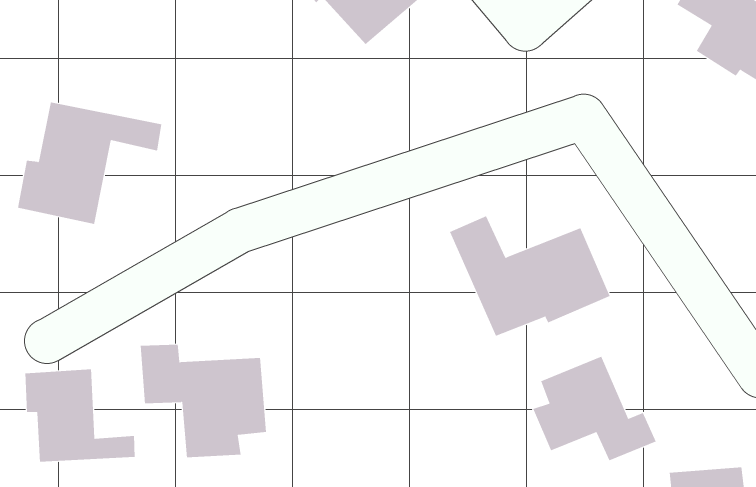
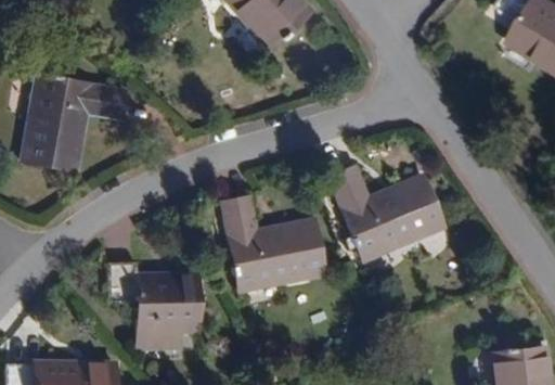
building: none -> [221,197,327,284]
building: [533,356,657,461] -> none
building: [25,368,135,463] -> none

